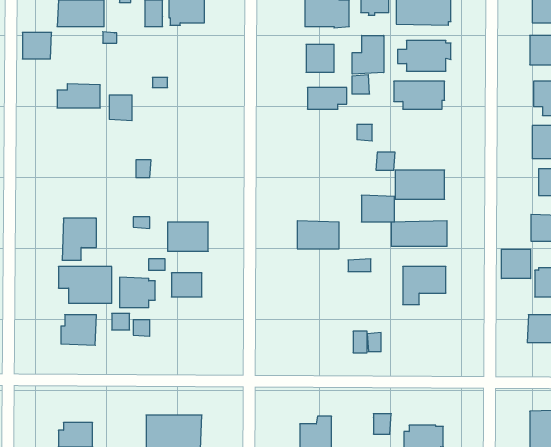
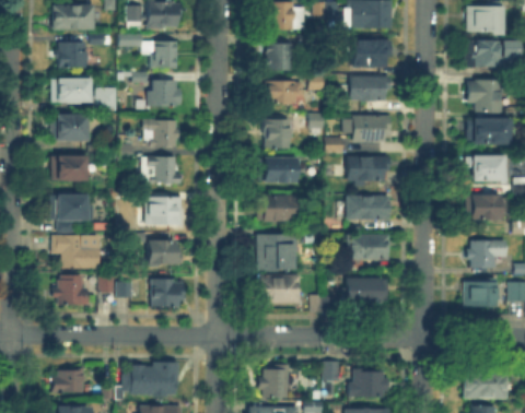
building: [22,32,52,59] -> [61,44,86,67]
building: none -> [122,36,178,68]
building: [352,35,384,74] -> none
building: none -> [152,82,183,106]
building: none -> [54,117,88,141]
building: none -> [355,118,386,142]
building: none -> [267,121,291,149]
building: none -> [147,122,177,146]
building: none -> [54,158,88,181]
building: none -> [145,158,182,184]
building: [361,195,395,222] -> [266,160,294,182]
building: [501,249,531,279] -> none
building: none -> [260,237,299,271]
building: [120,277,155,308] -> [154,281,185,307]
building: none -> [260,276,300,305]
building: none -> [347,280,388,304]

